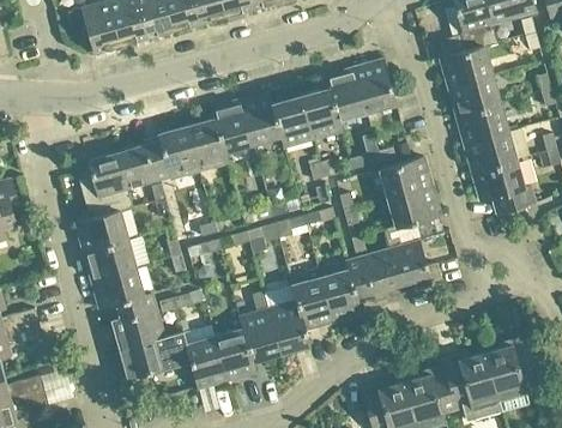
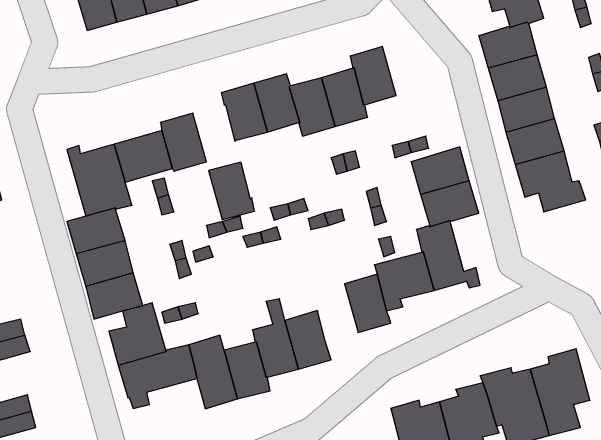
building: [355,60,395,110] -> none
building: [187,119,228,169] -> [209,163,255,219]
building: [291,266,333,328] -> none

